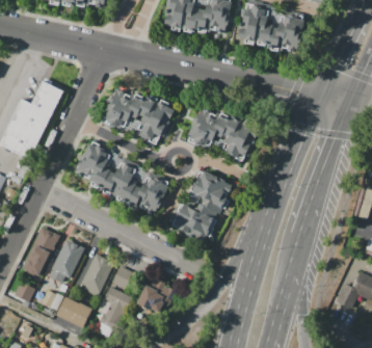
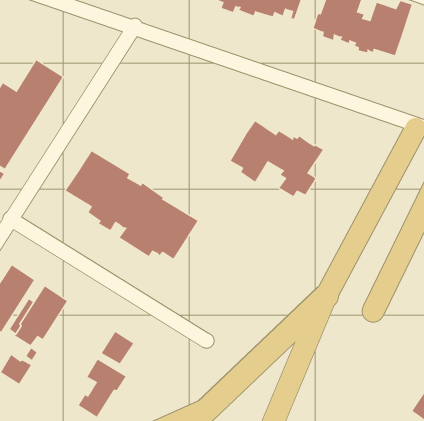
building: [102,88,175,144] -> none
building: [171,168,233,241] -> none
building: [81,255,114,294] -> none
building: [136,277,177,314] -> none
building: [56,297,92,328] -> none

